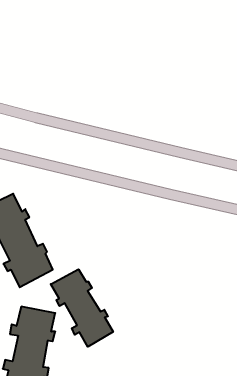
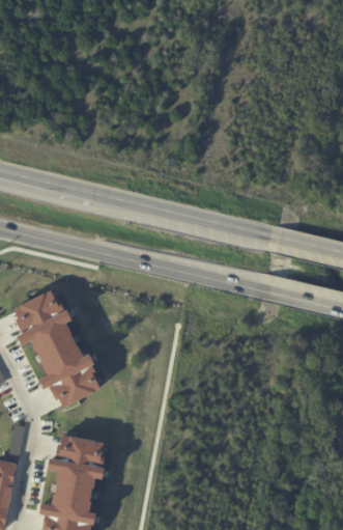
building: [51,269,113,347] -> none

